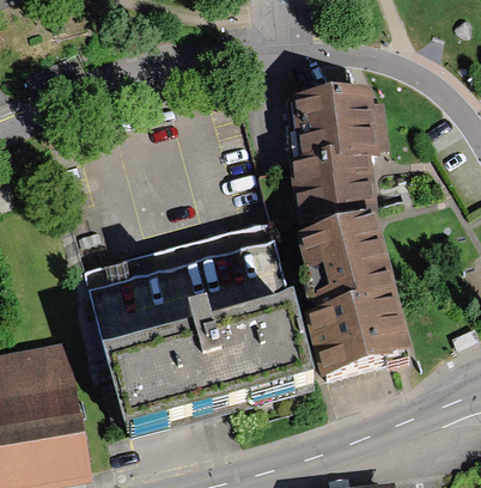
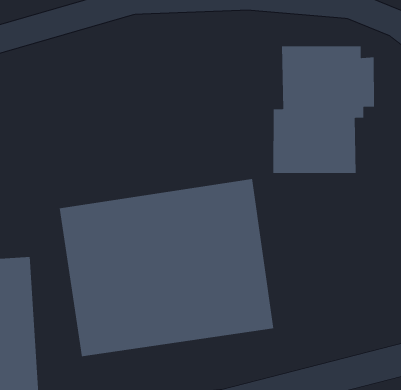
building: [294,221,413,379] -> none

